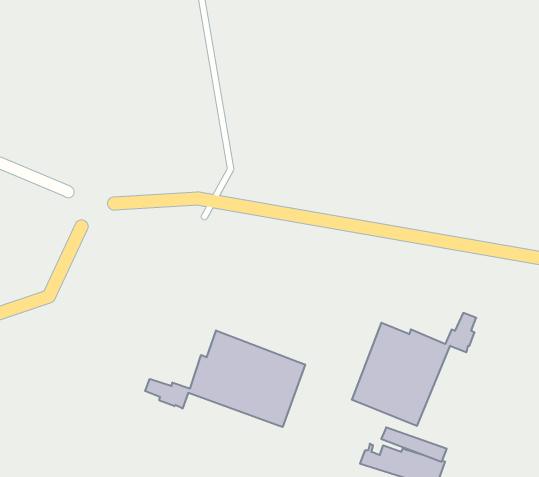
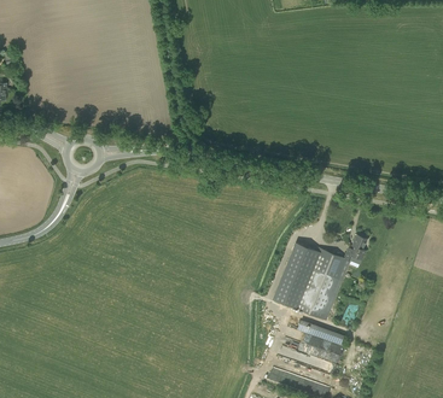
building: [145,330,305,427] -> none

